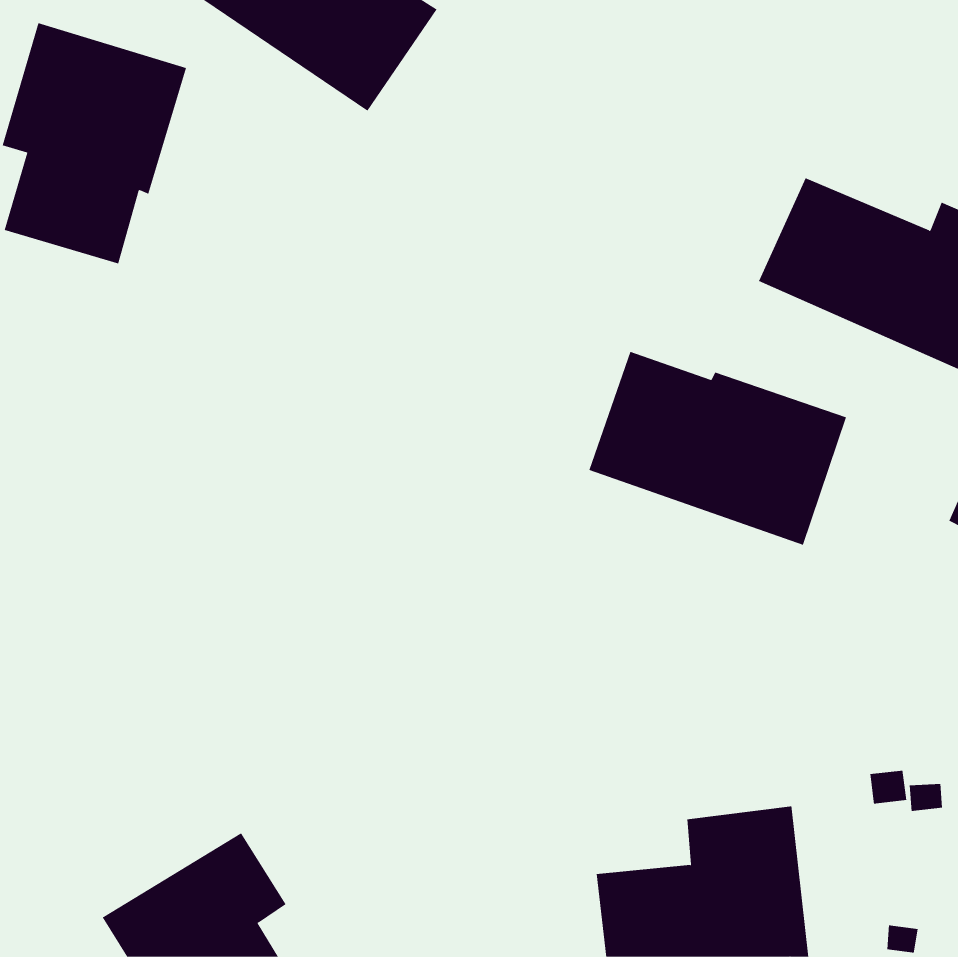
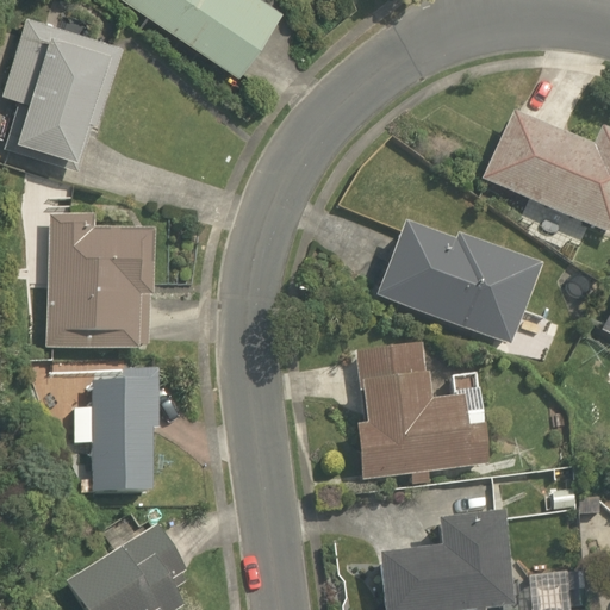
building: none -> [46,213,152,349]
building: none -> [356,342,488,481]
building: none -> [74,369,157,491]

